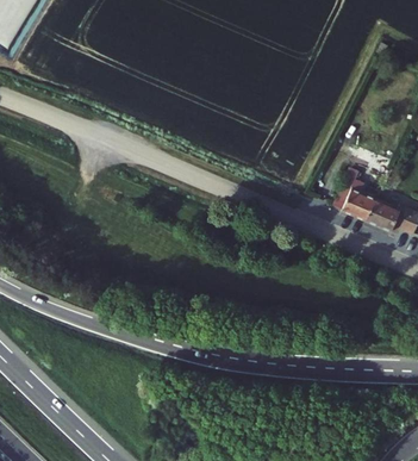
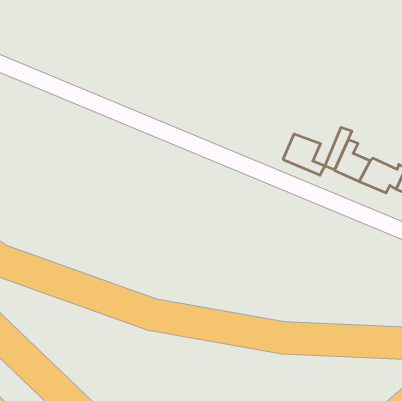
building: none -> [283,134,325,175]

